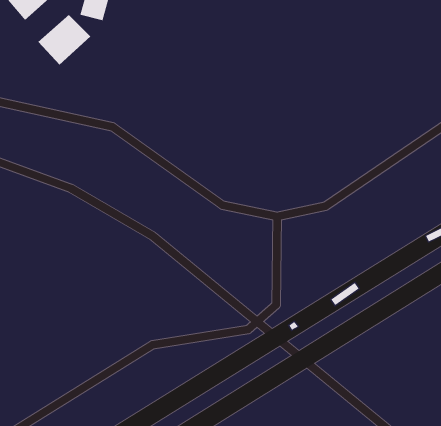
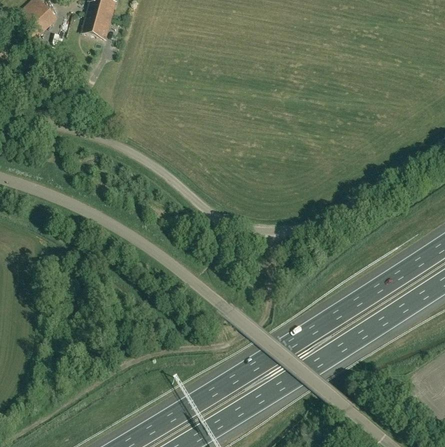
building: [37,14,91,66] -> none

